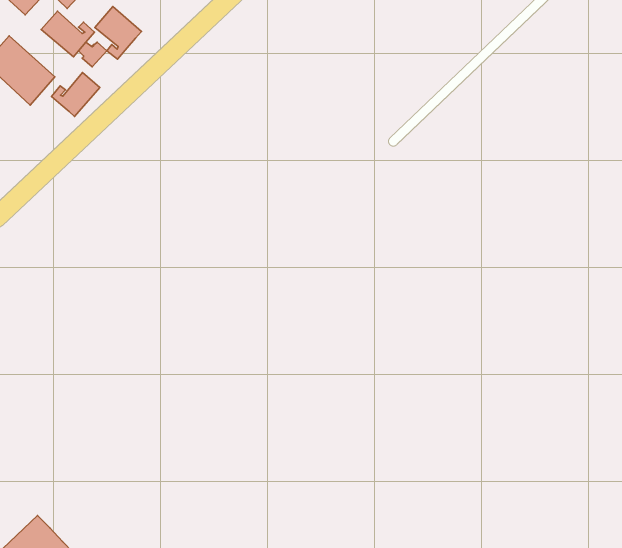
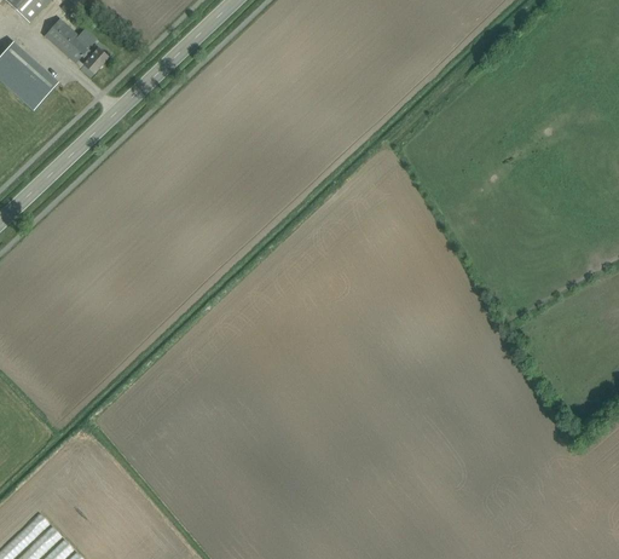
building: [95,6,142,59] -> none
building: [51,72,100,117] -> none

